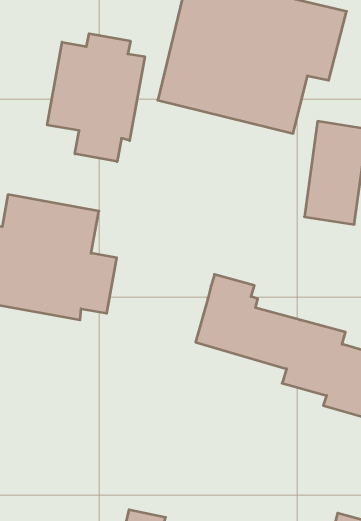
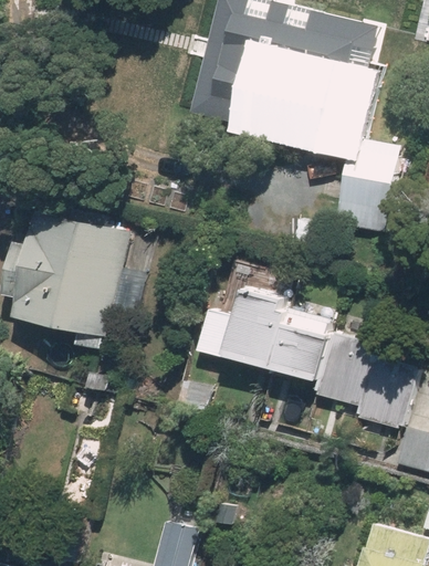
building: [47,34,145,162] -> none

